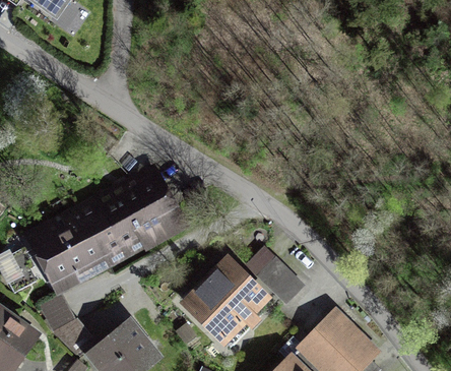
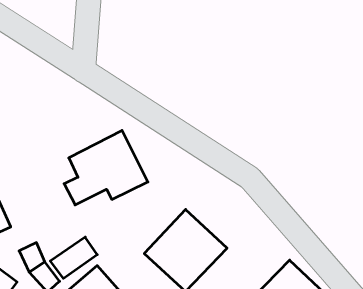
building: [34,201,106,276] -> none
building: [257,257,300,298] -> none

